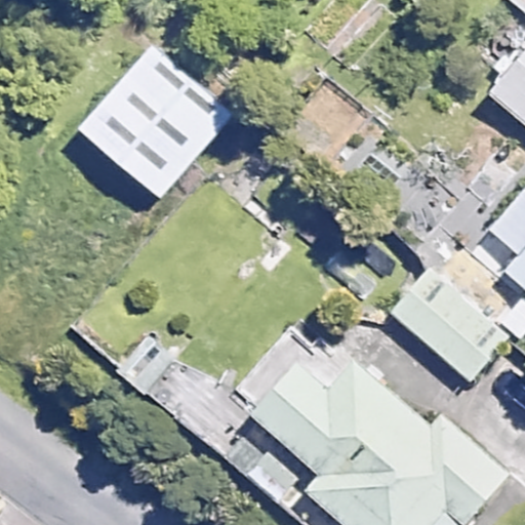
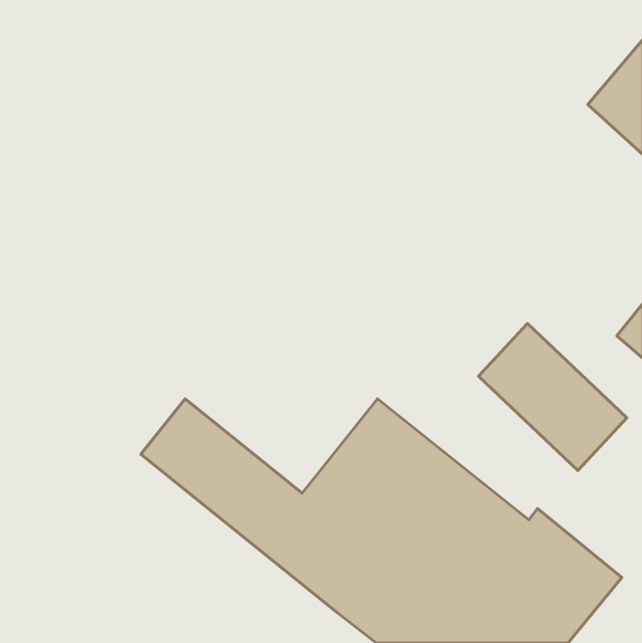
building: [77,44,233,200] -> none

